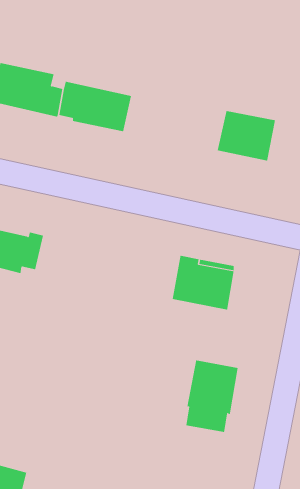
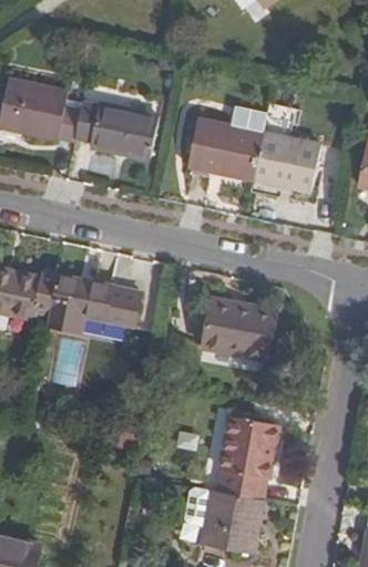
building: none -> [187,121,264,179]
building: none -> [47,276,139,333]
building: none -> [185,486,263,554]

